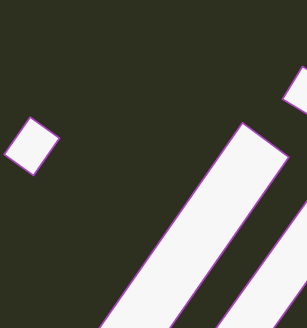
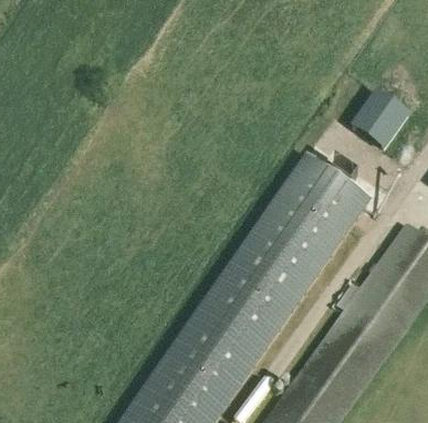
building: [4,117,60,175] -> none

